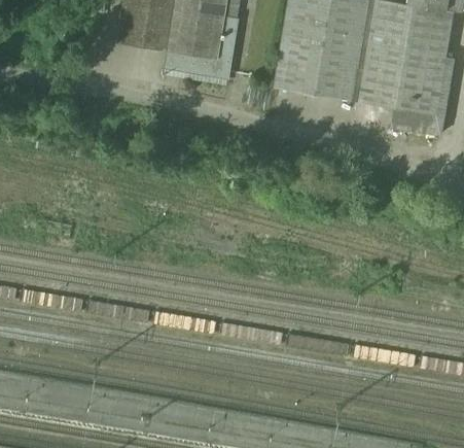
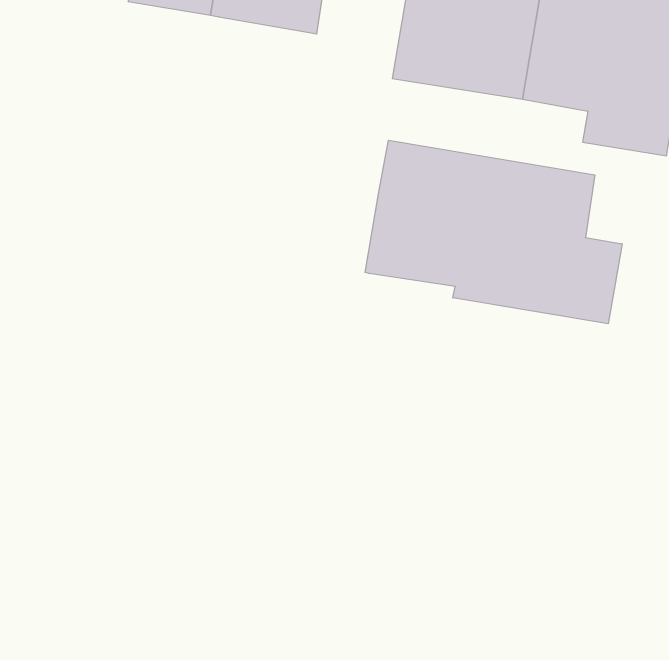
building: [169,50,230,78] -> none
building: none -> [365,140,622,324]

